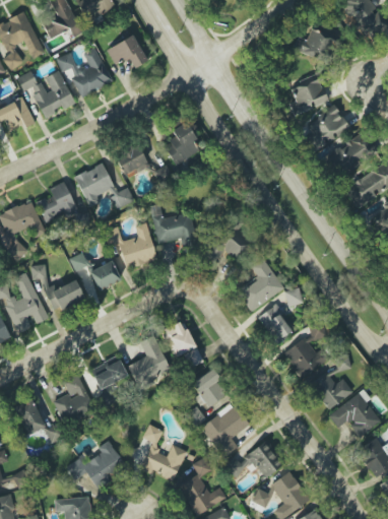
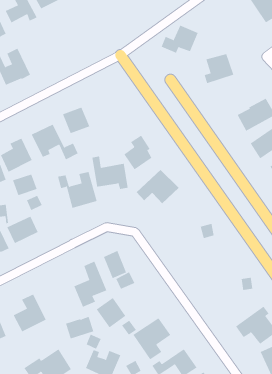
building: [294,21,340,57] -> [161,25,199,53]
building: [107,34,147,67] -> none
building: [56,46,112,95] -> none
building: [304,106,349,150] -> none
building: [164,121,199,165] -> [124,135,152,170]
building: [237,258,284,311] -> none
building: [89,261,121,288] -> [12,174,38,196]
building: [259,305,293,343] -> none
building: [283,336,327,377] -> none
building: [91,359,127,387] -> [65,316,94,339]
building: [192,368,230,406] -> [96,297,126,328]
building: [310,371,352,408] -> none

